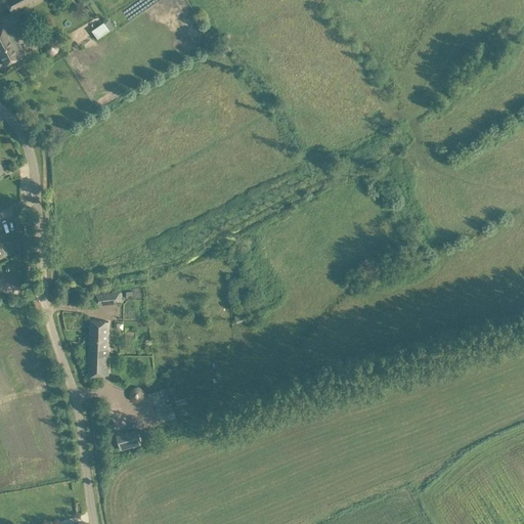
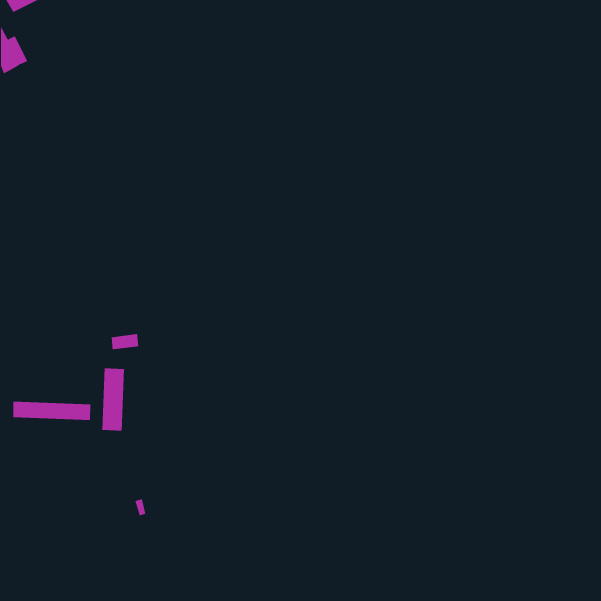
building: none -> [13,401,91,421]

